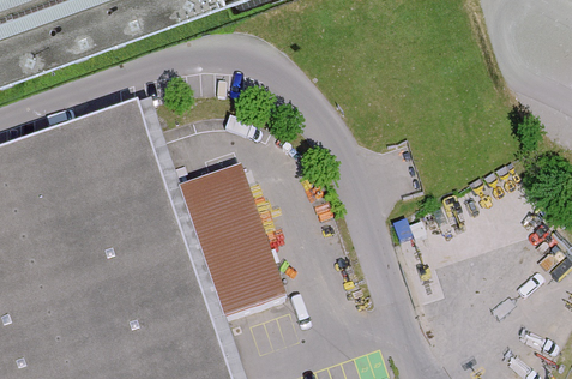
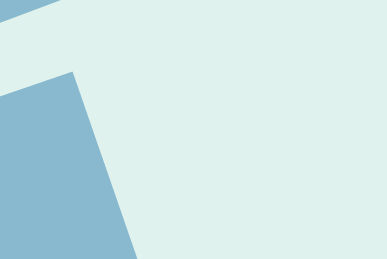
building: [183,163,284,313] -> none

